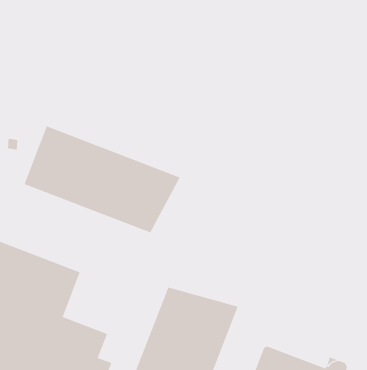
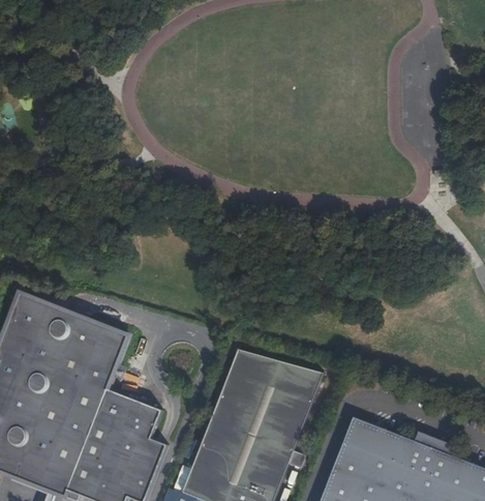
building: [24,126,180,233] -> none

